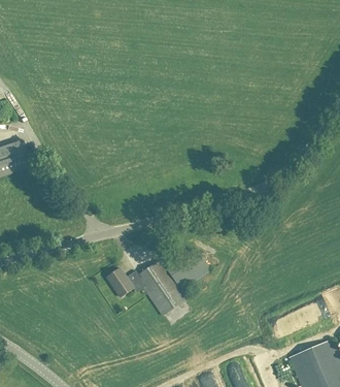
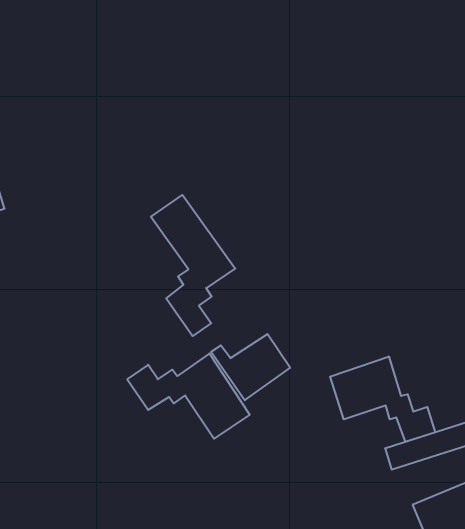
building: none -> [151,195,235,336]
building: none -> [330,356,435,442]

